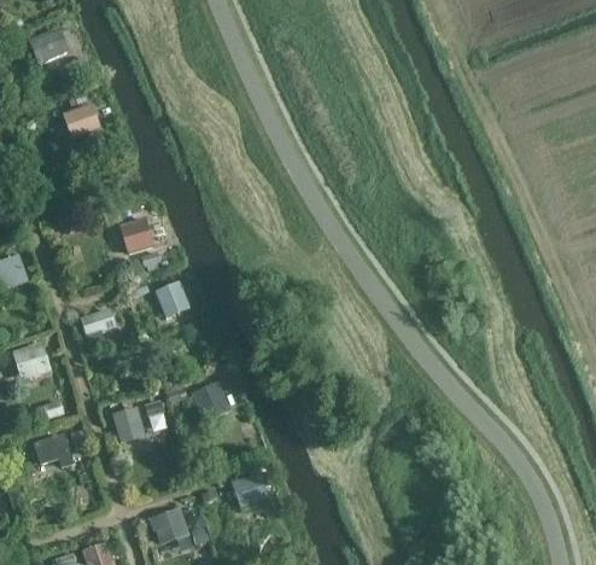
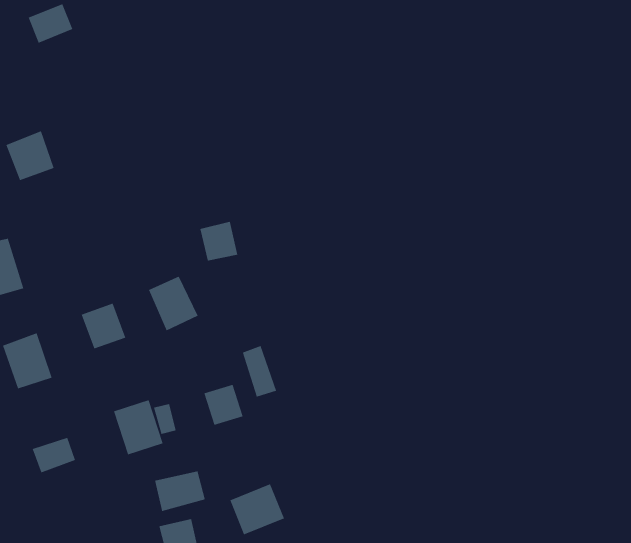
building: [55,94,101,141] -> [5,131,54,181]
building: [122,215,158,252] -> [199,221,238,261]
building: none -> [242,345,277,398]
building: none -> [155,470,206,512]

